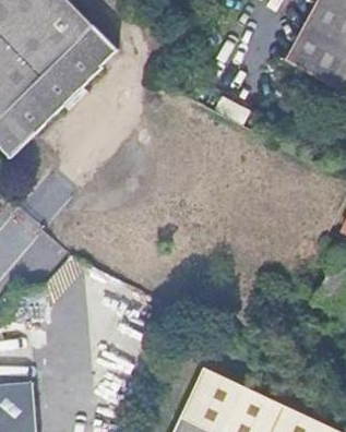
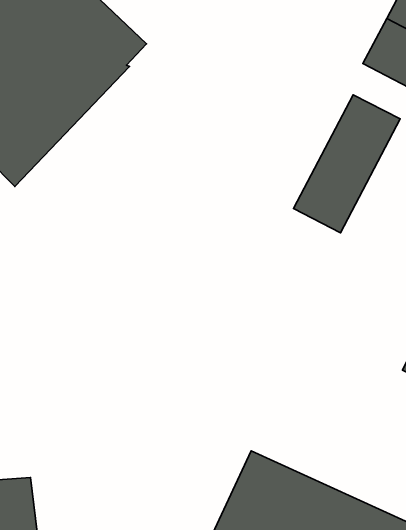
building: none -> [294,95,400,233]

